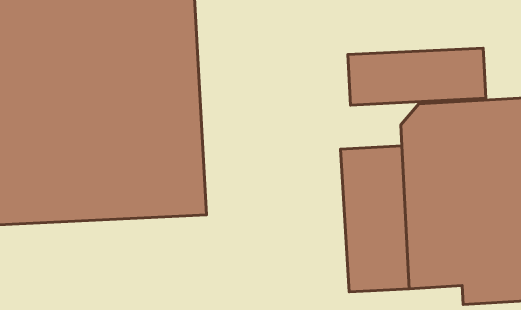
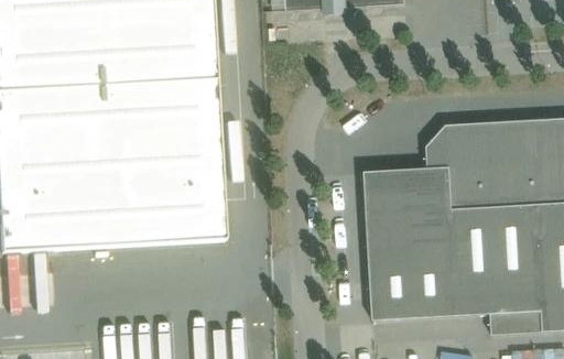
building: [348,48,486,105] -> none

